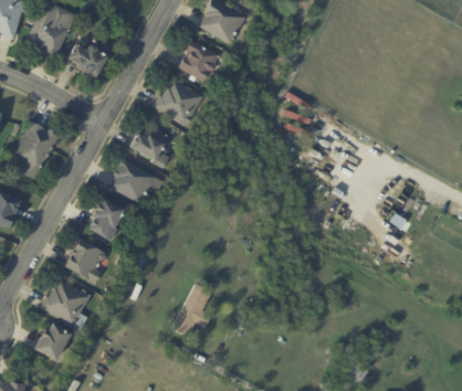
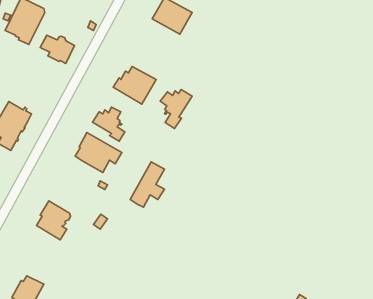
building: [179,41,219,81] -> none
building: none -> [160,90,192,129]
building: [87,197,125,241] -> none
building: [39,281,91,331] -> none
building: [170,284,210,337] -> [130,162,164,207]

